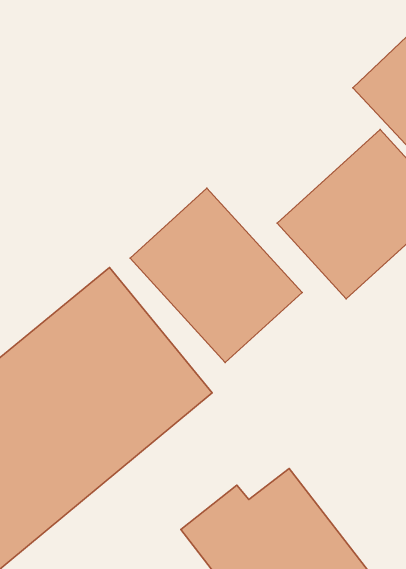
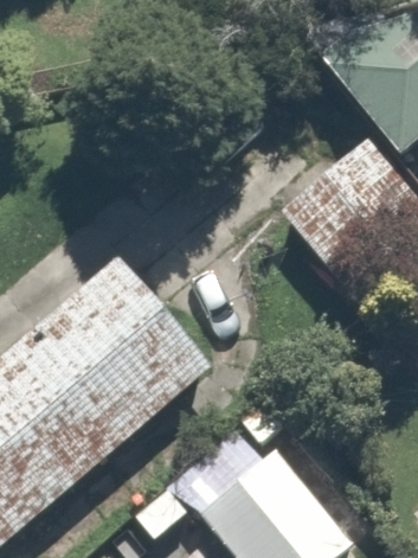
building: [130,188,302,363] -> none

